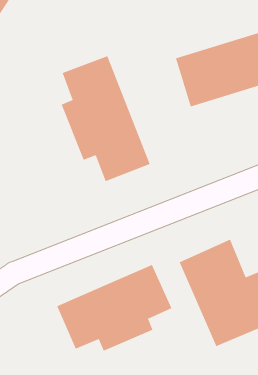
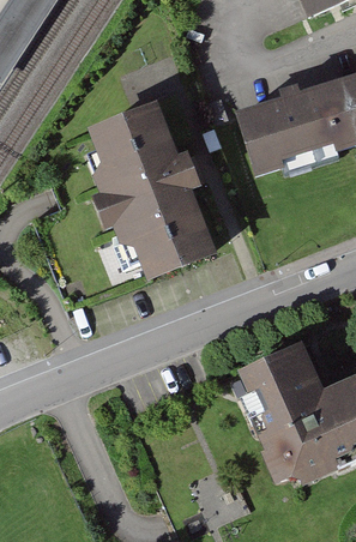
building: [56,264,172,351] -> none

